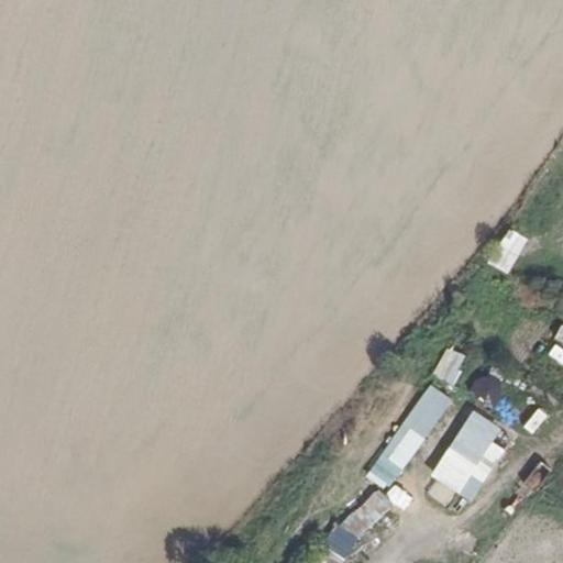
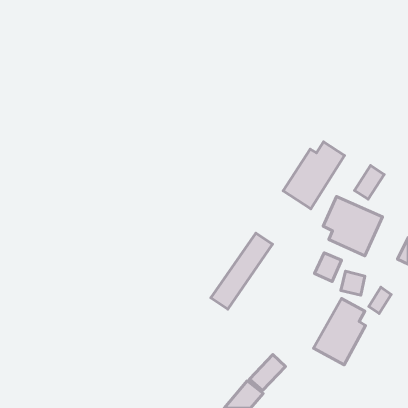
building: none -> [283,142,345,209]
building: none -> [323,197,382,256]
building: [367,384,452,488] -> [211,233,273,309]

